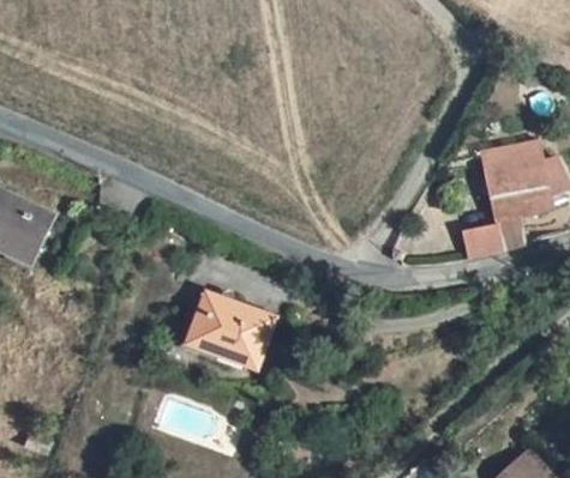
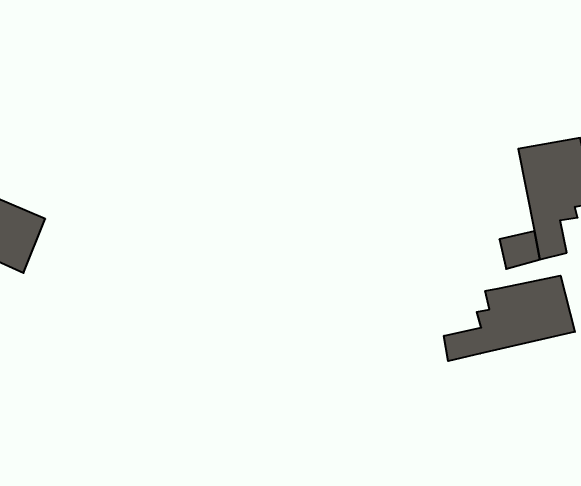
building: none -> [444,276,575,361]
building: [191,295,274,368] -> none

